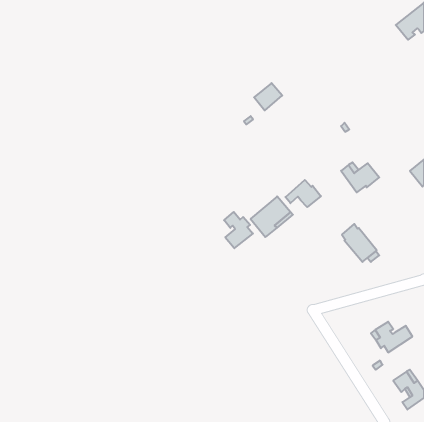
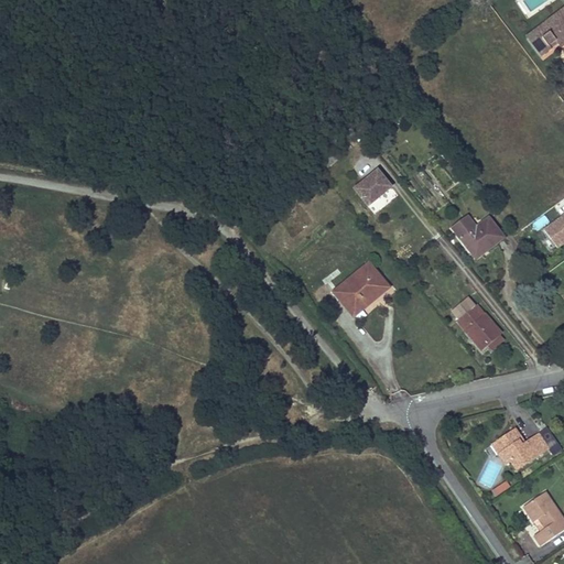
building: [254,83,282,110] -> [355,170,392,206]
building: [285,180,321,207] -> none
building: [224,212,253,248] -> none

